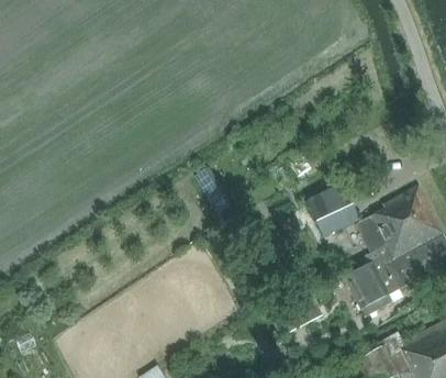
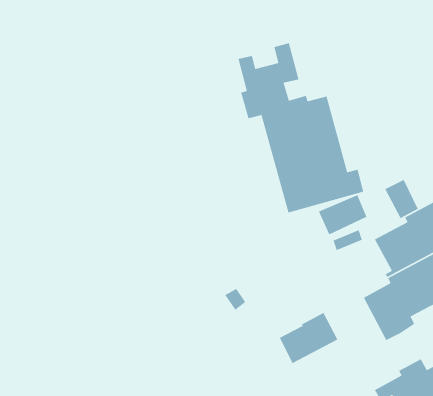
building: none -> [238,42,364,213]
building: none -> [384,179,419,219]

